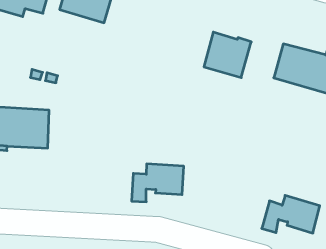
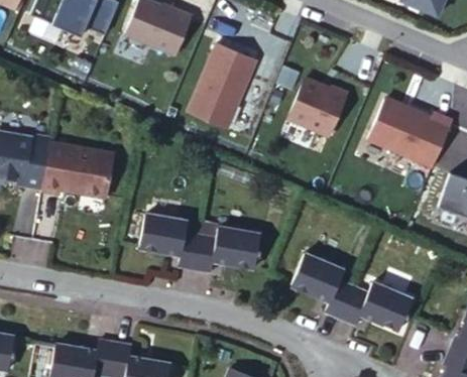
building: none -> [195,46,262,128]
building: none -> [132,214,195,268]
building: none -> [287,254,351,320]

